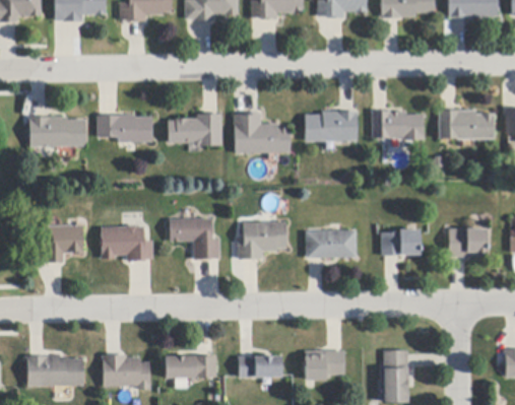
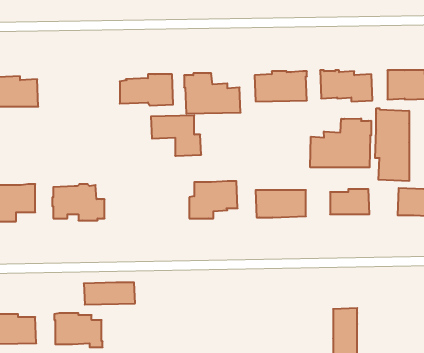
building: [98,114,152,142] -> none
building: none -> [375,108,409,181]
building: none -> [310,118,371,167]
building: [170,218,220,259] -> [151,115,201,156]
building: [305,350,345,380] -> none
building: [166,355,217,378] -> [84,282,135,305]
building: [239,355,282,378] -> none

